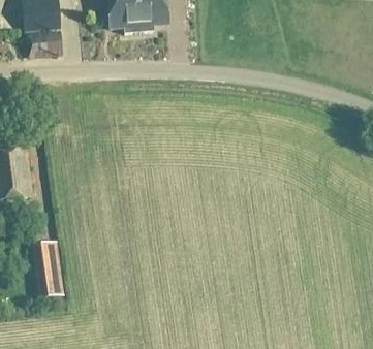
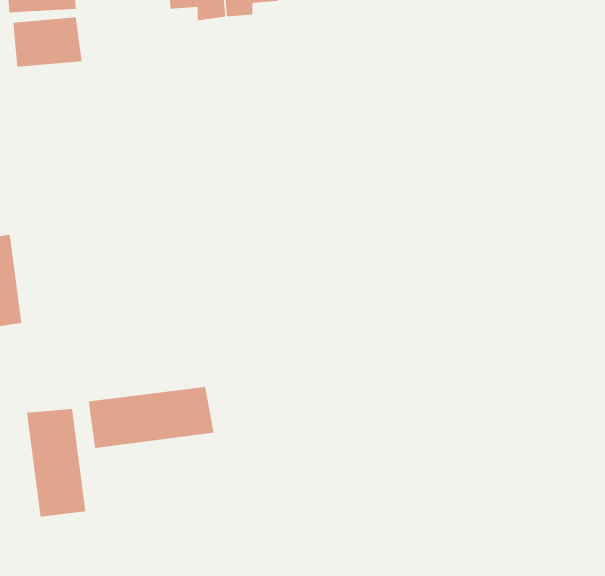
building: none -> [88,386,214,449]

